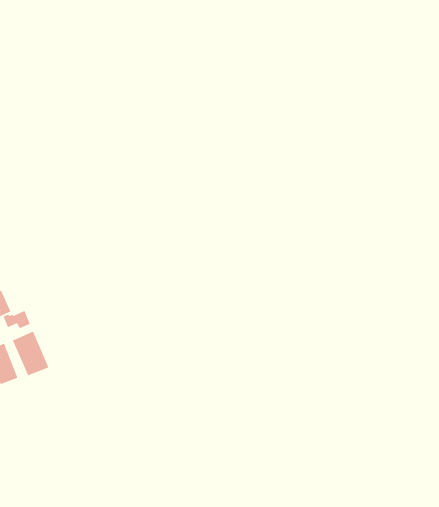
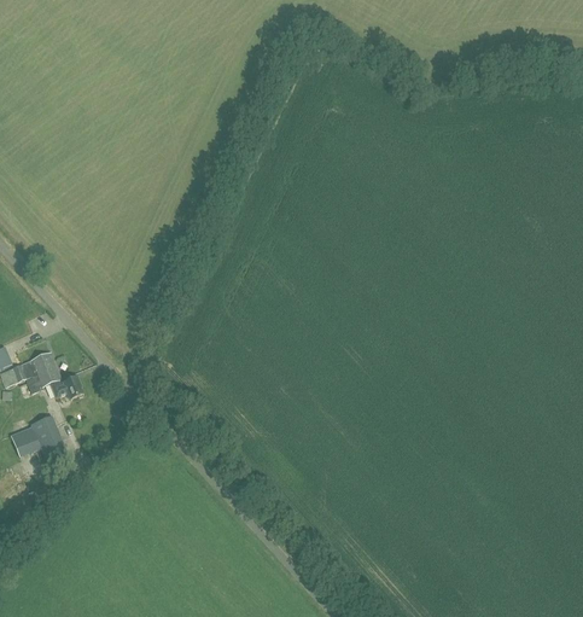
building: [12,331,49,377] -> none

